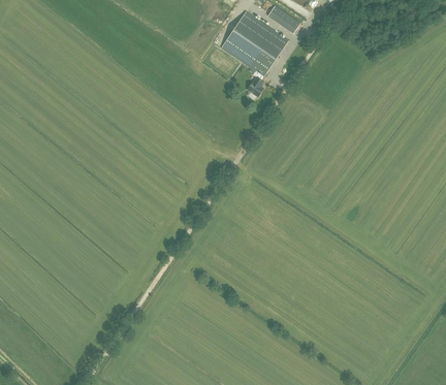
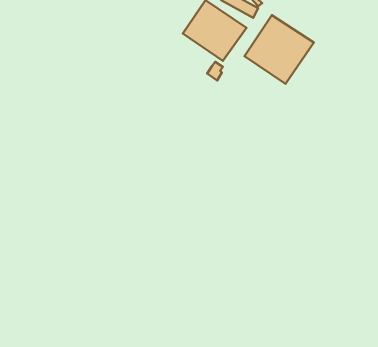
building: none -> [245,15,314,84]

